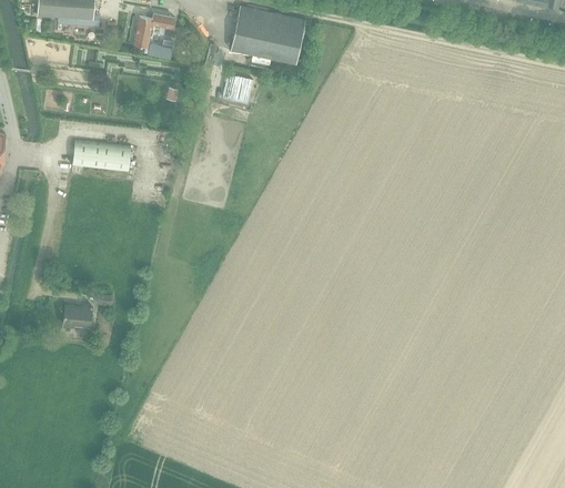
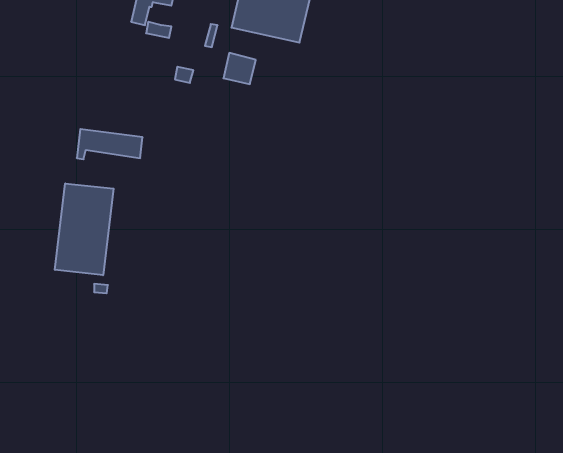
building: none -> [55,183,114,275]
building: [63,305,91,325] -> none

